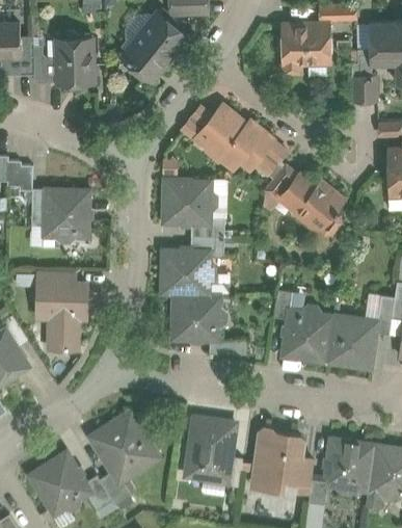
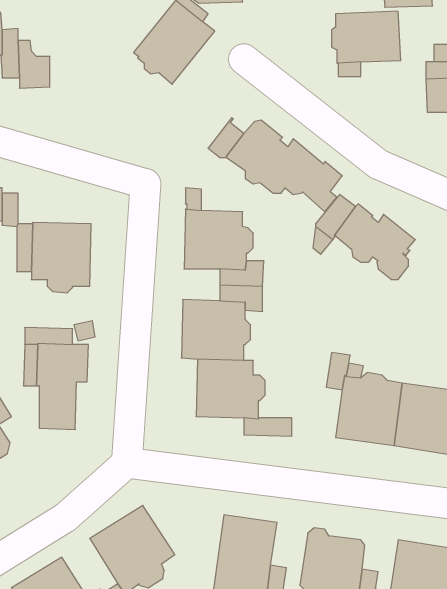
building: [56,35,93,83] -> none

